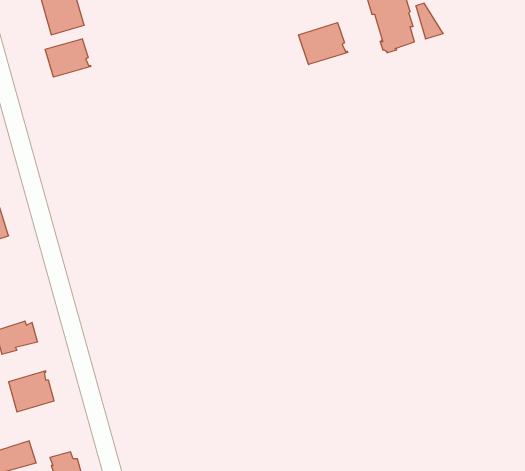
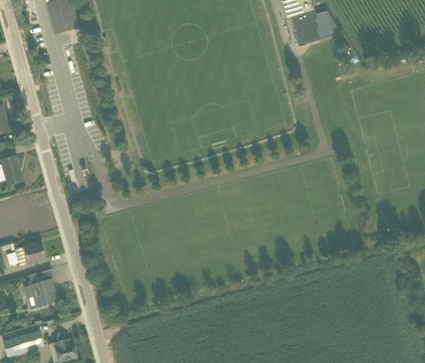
building: [299,23,348,65] -> none
building: [45,39,91,77] -> none

